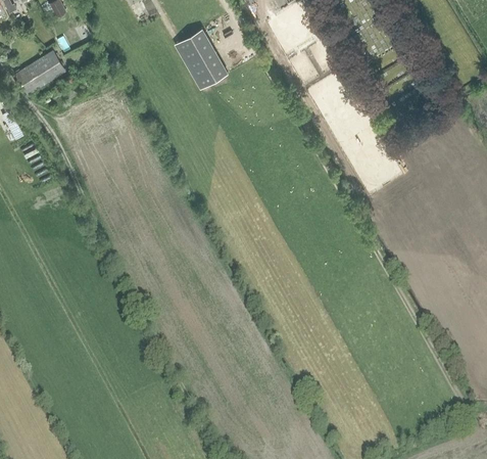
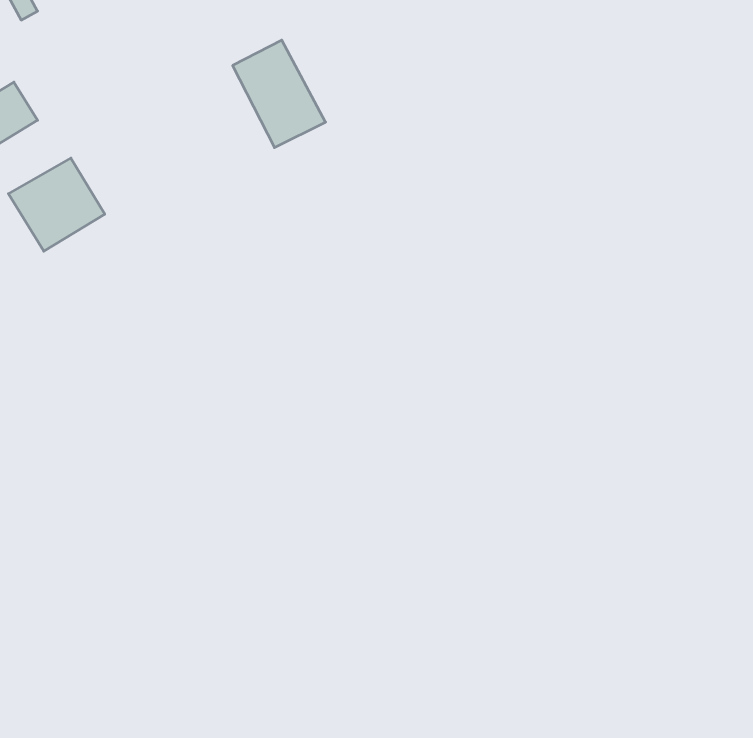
building: none -> [8,158,105,251]

